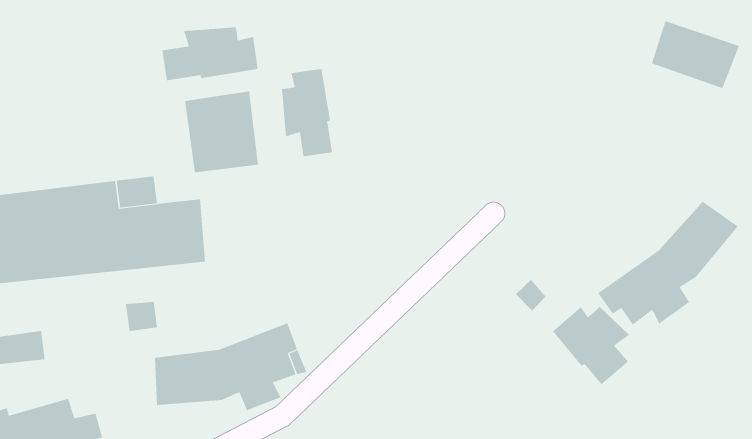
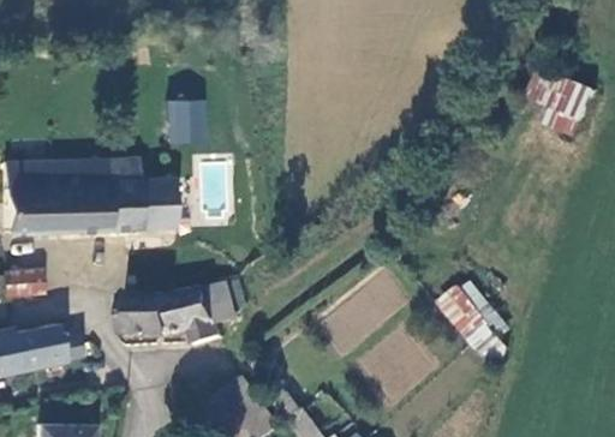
building: [162,26,258,81] -> none
building: [282,68,333,157] -> none
building: [598,201,738,326] -> none

